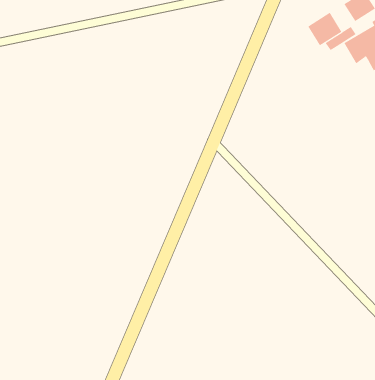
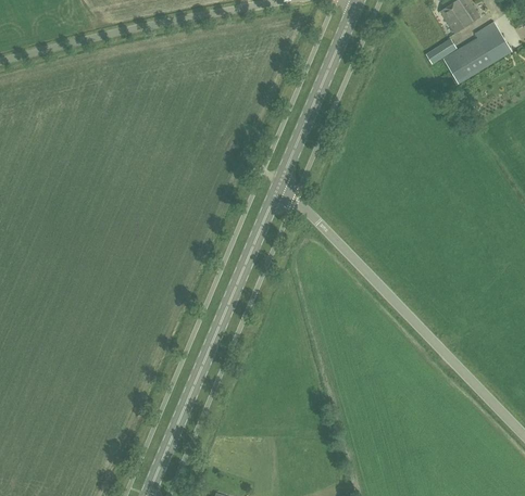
building: [307,12,342,46] -> none

